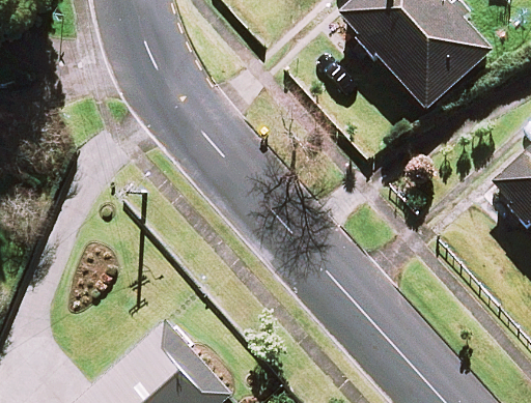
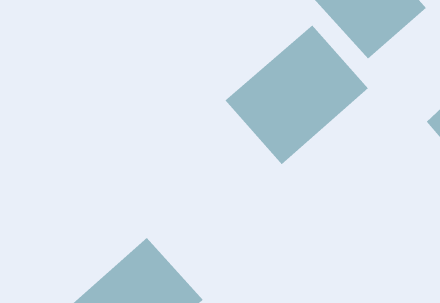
building: none -> [224,25,369,165]

